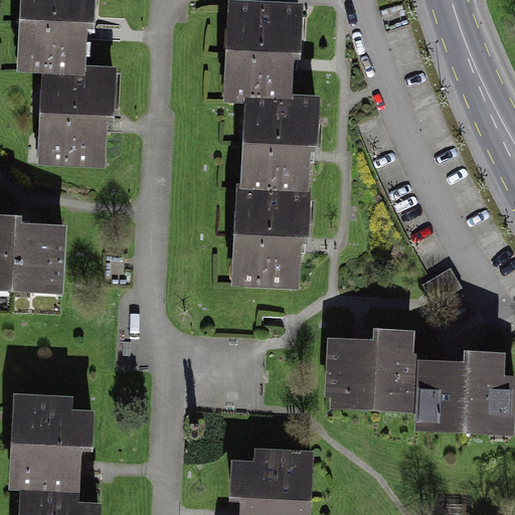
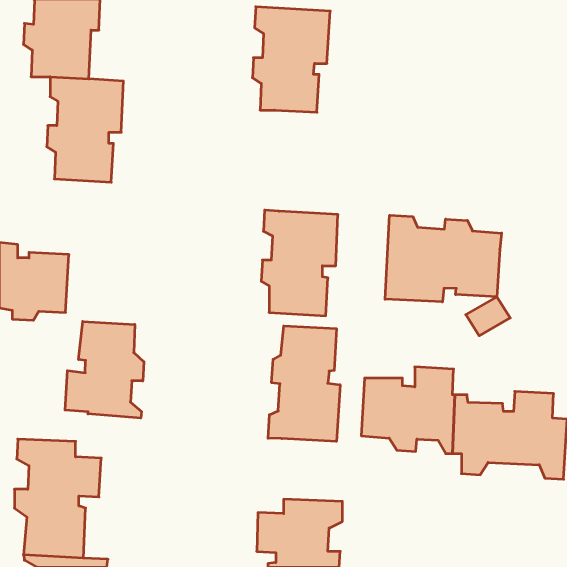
building: [245,100,315,194] -> none
building: none -> [385,215,502,302]
building: none -> [65,321,144,418]
building: none -> [268,326,340,441]

